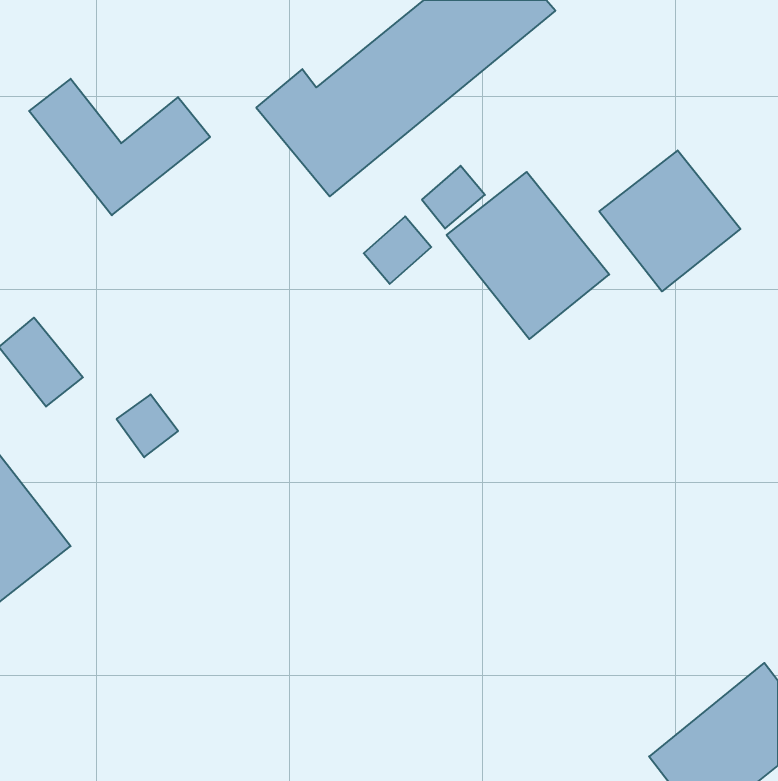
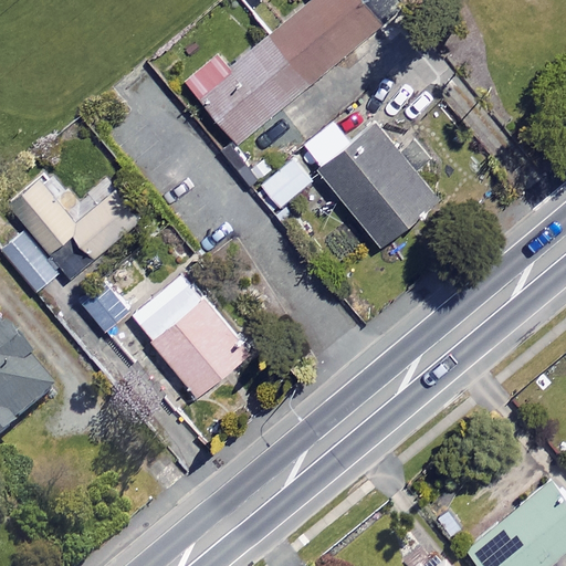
building: [29,79,210,215] -> [9,178,139,276]
building: [599,150,740,291] -> none
building: none -> [133,273,249,396]

